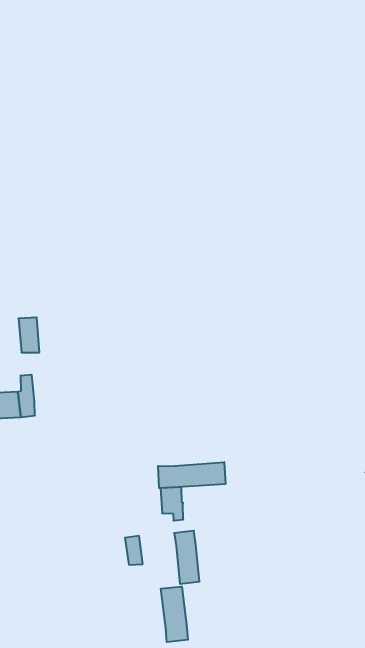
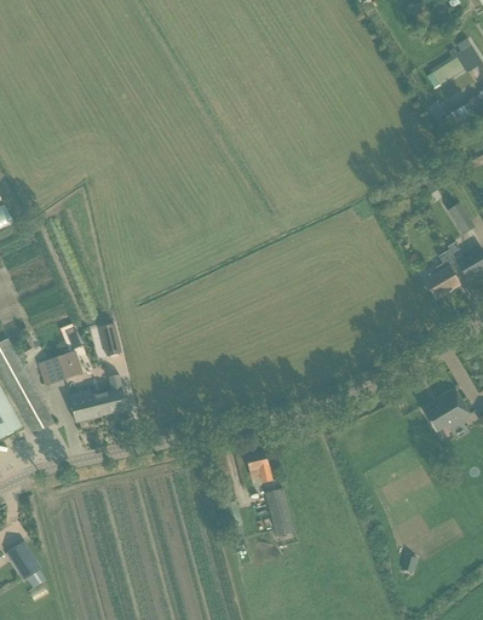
building: [158,462,225,488] -> none
building: [161,586,188,642] -> none

